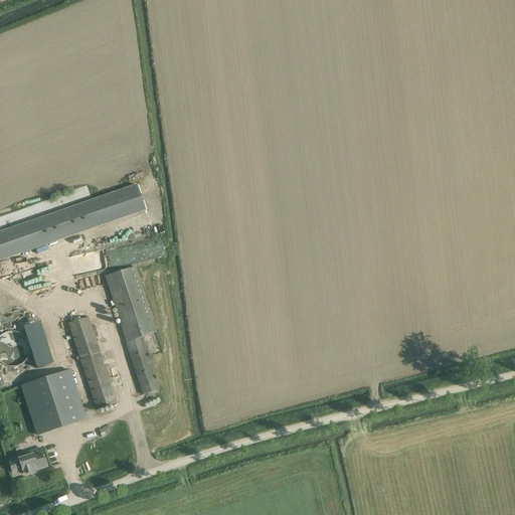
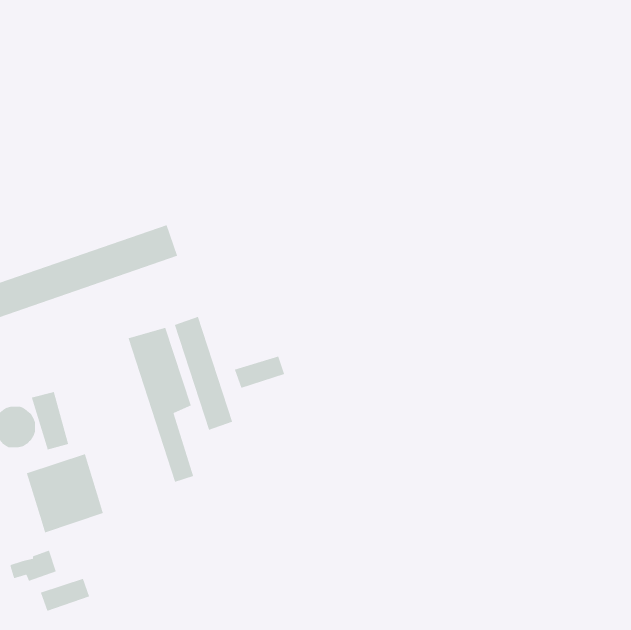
building: none -> [234,356,285,389]
building: [67,315,116,408] -> [174,316,233,431]
building: none -> [40,578,90,612]

